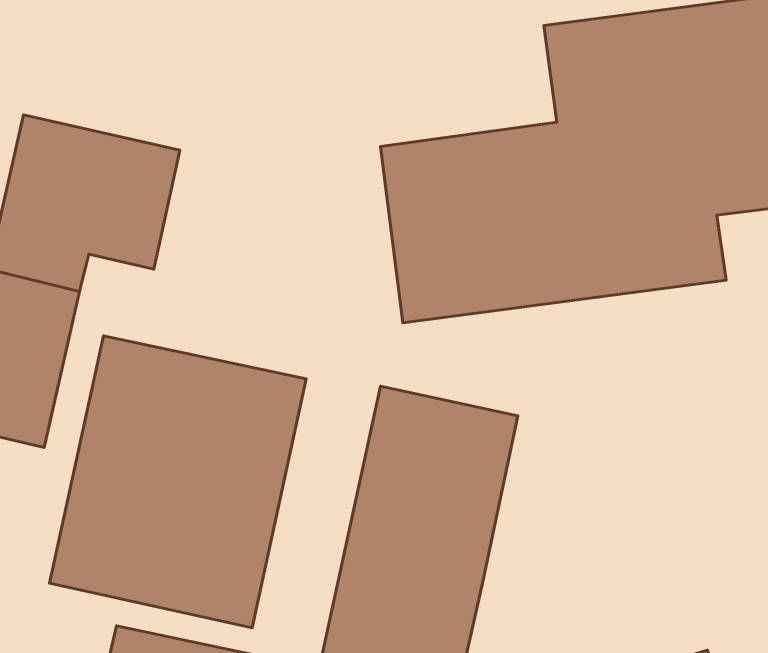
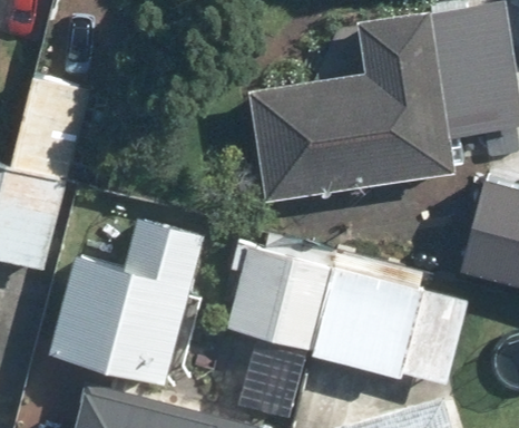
building: none -> [307,257,464,388]

